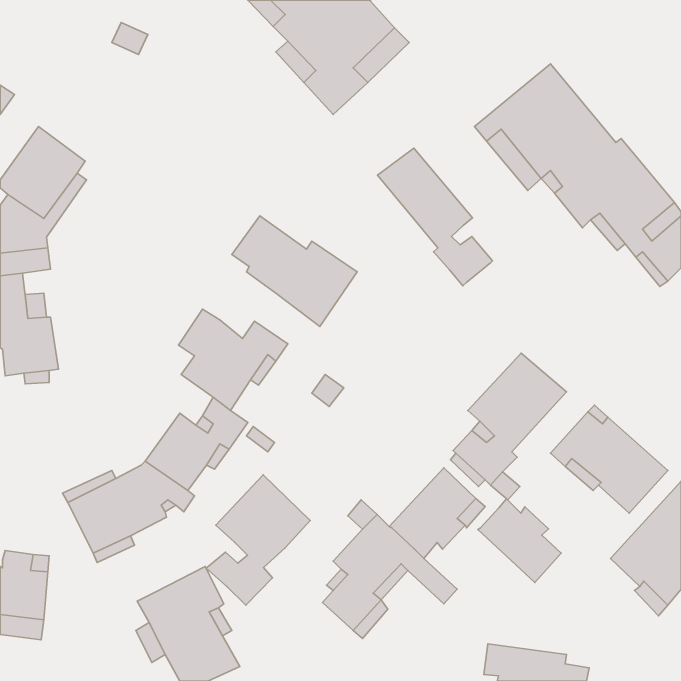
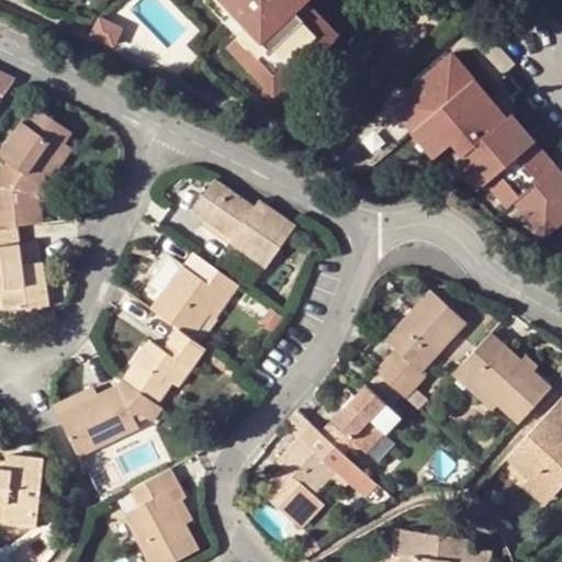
building: [377,148,492,286] -> none
building: [206,475,310,605] -> none
building: [478,499,561,583] -> none

